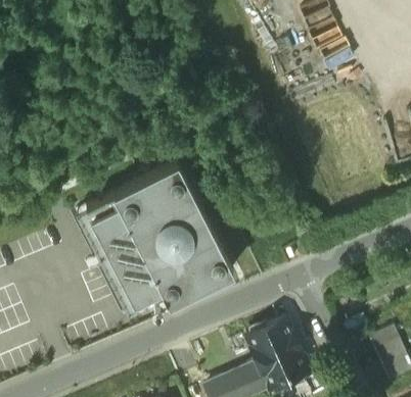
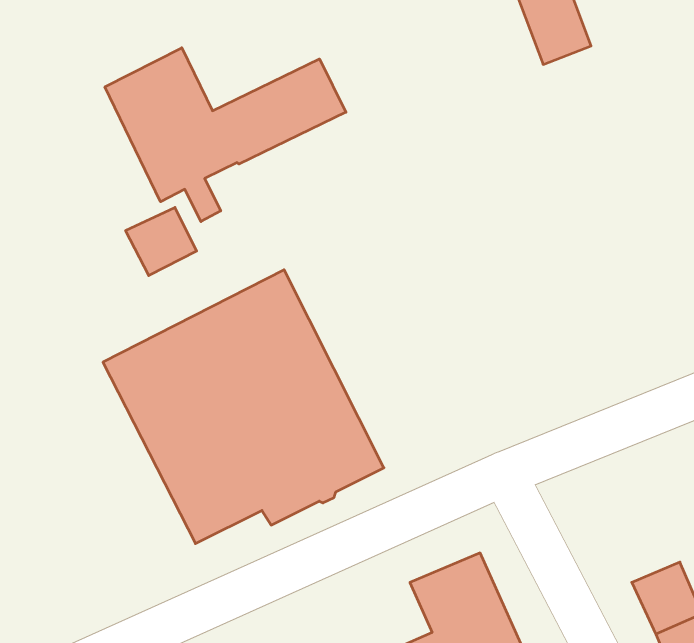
building: none -> [105,48,346,222]
building: none -> [126,207,197,276]

